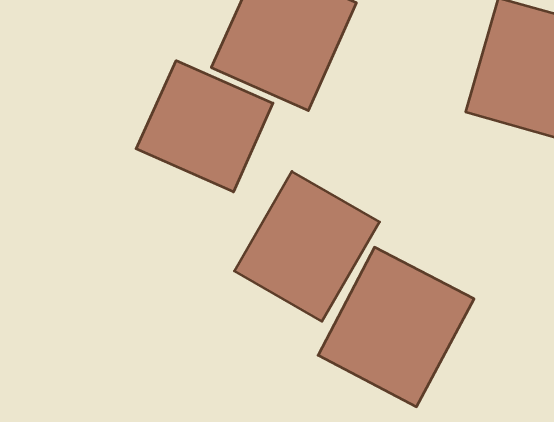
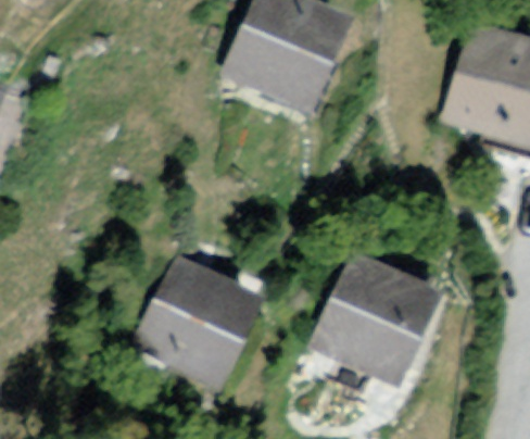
building: [136,61,273,192] -> none
building: [234,171,380,321] -> [134,253,265,389]

